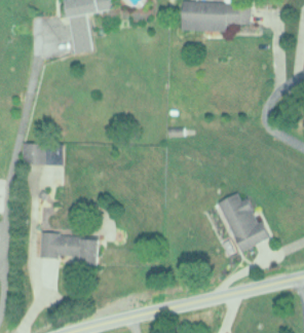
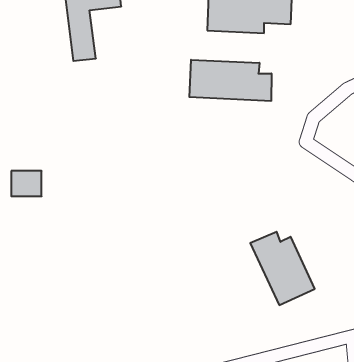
building: none -> [189,60,271,101]
building: [39,233,98,260] -> none

